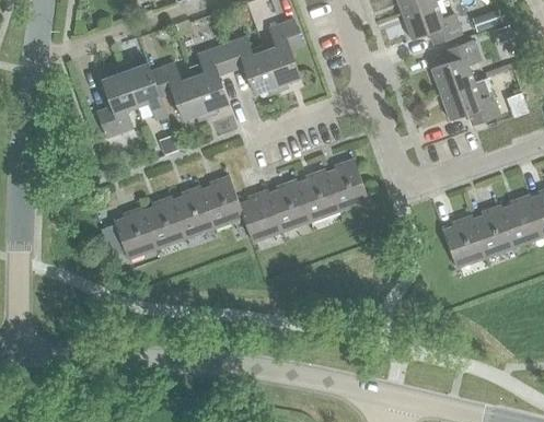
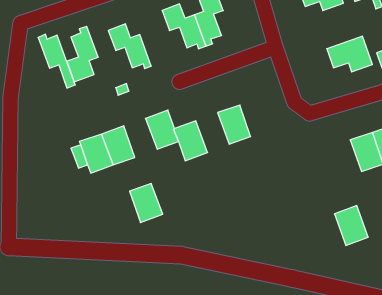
building: [431,40,481,95] -> none
building: [189,45,232,118] -> none
building: [123,61,172,132] -> [38,34,75,88]
building: [325,159,369,211] -> none
building: [267,179,311,232] -> none
building: [172,187,216,238] -> [130,184,163,223]
building: [441,215,486,268] -> [334,206,368,245]

